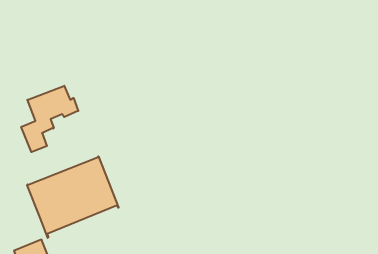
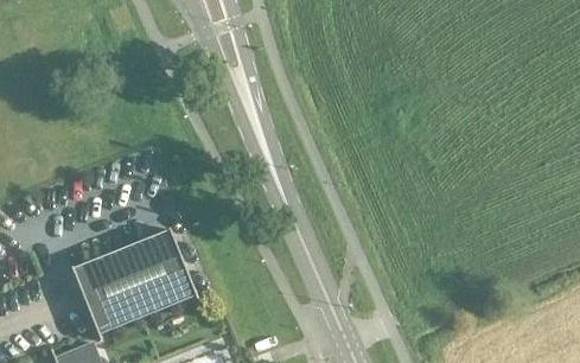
building: [21,86,78,152] -> none

